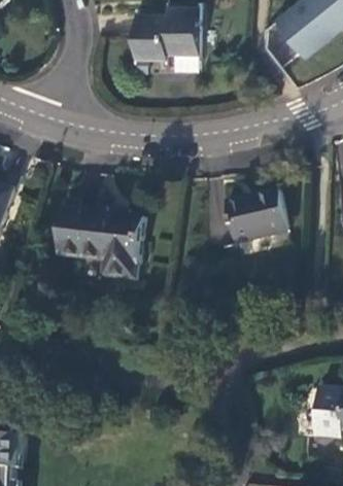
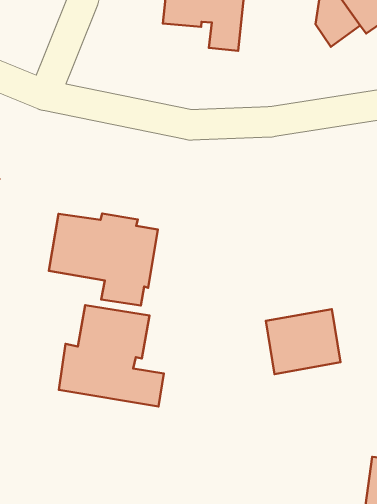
building: [226,186,287,241] -> [266,309,341,374]
building: none -> [59,305,164,406]

